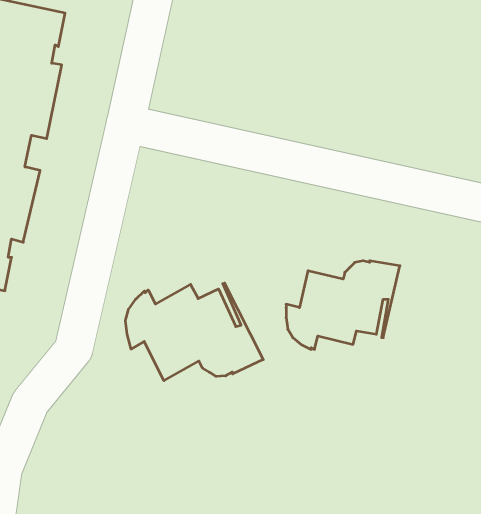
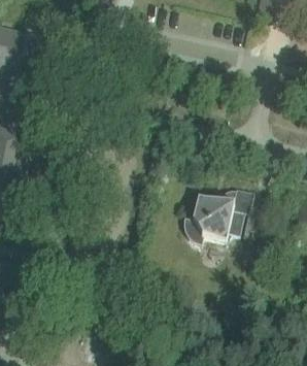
building: [125,283,263,381] -> none

